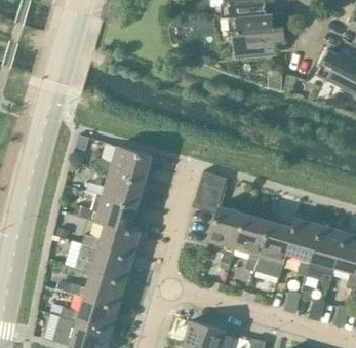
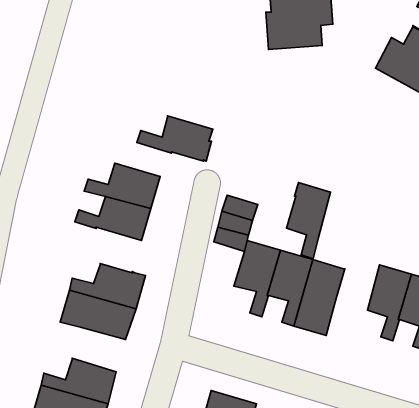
building: [79,196,137,231] -> [137,116,213,161]
building: [286,218,320,276] -> [286,183,331,259]
building: [68,273,125,308] -> none

